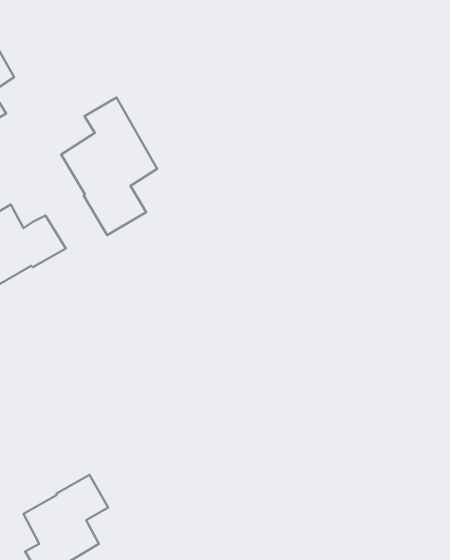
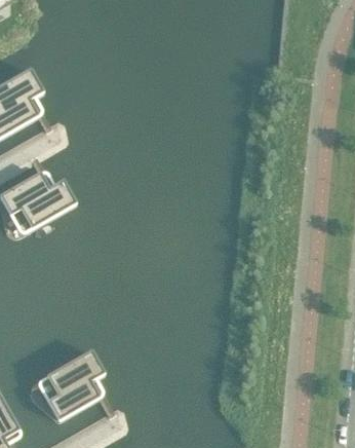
building: [61,98,157,235] -> none

